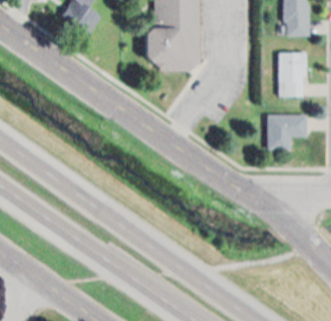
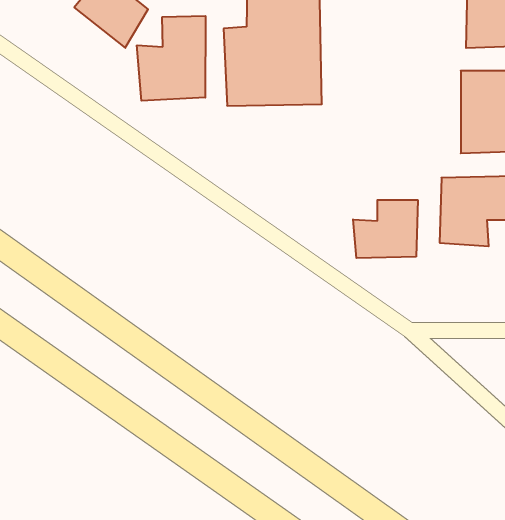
building: none -> [137,16,205,101]
building: none -> [353,200,418,258]

